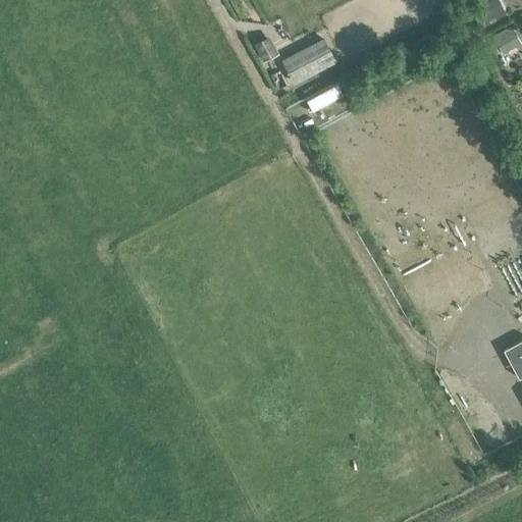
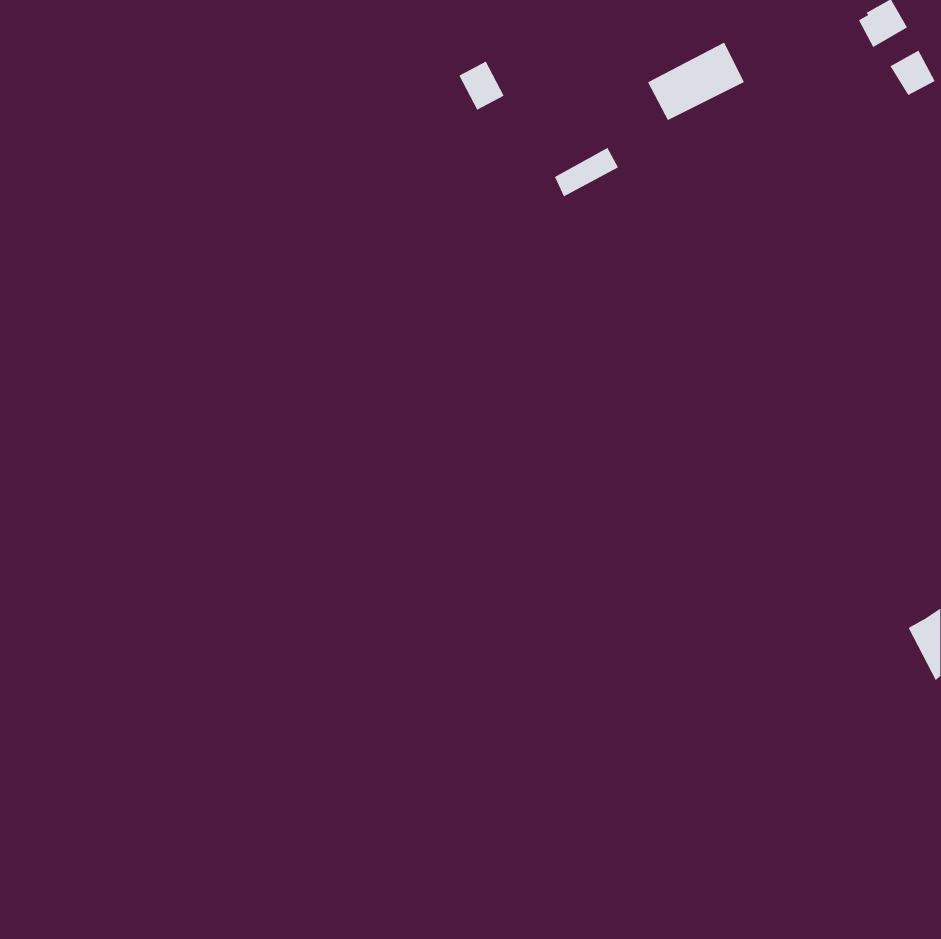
building: [282,38,336,82] -> [647,42,745,121]

